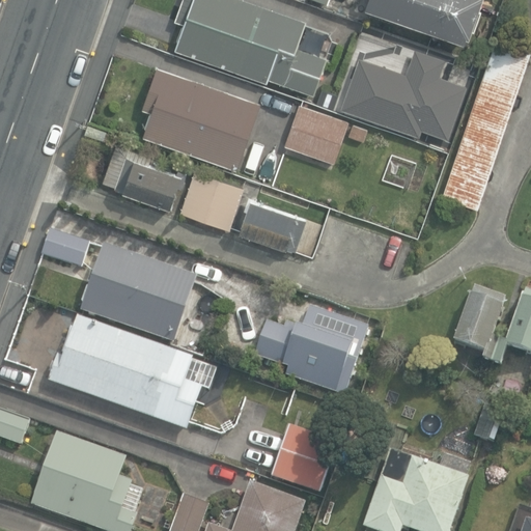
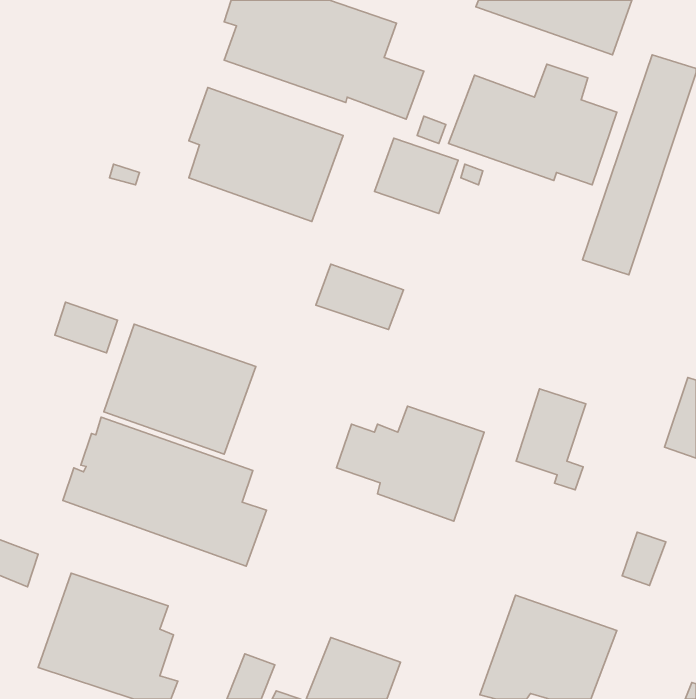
building: [103,143,243,228] -> none
building: [450,281,503,358] -> [516,389,586,490]
building: [272,426,337,492] -> none

